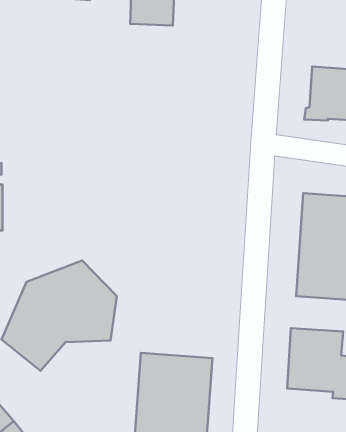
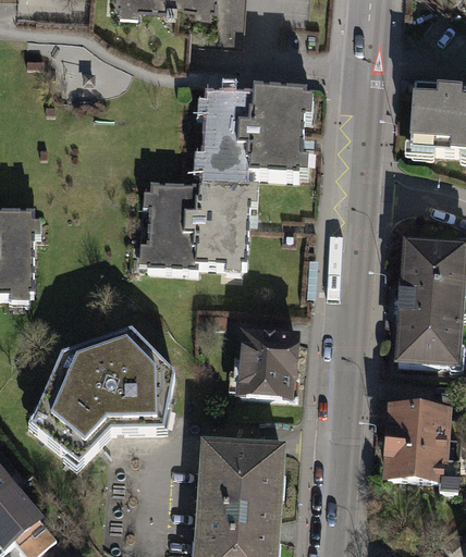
building: none -> [139,85,314,267]
building: none -> [230,325,304,398]

